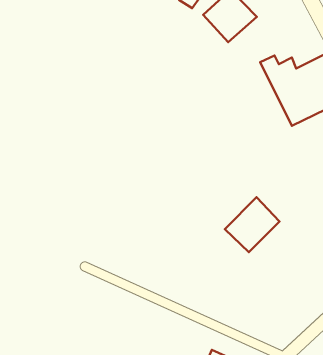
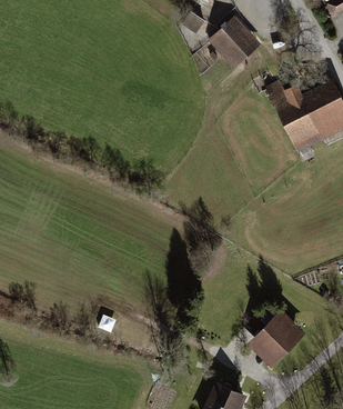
building: [225,197,280,252] -> [248,308,303,363]

